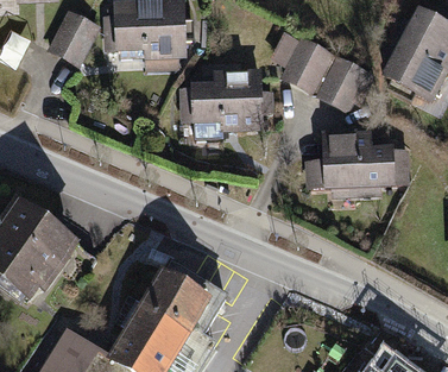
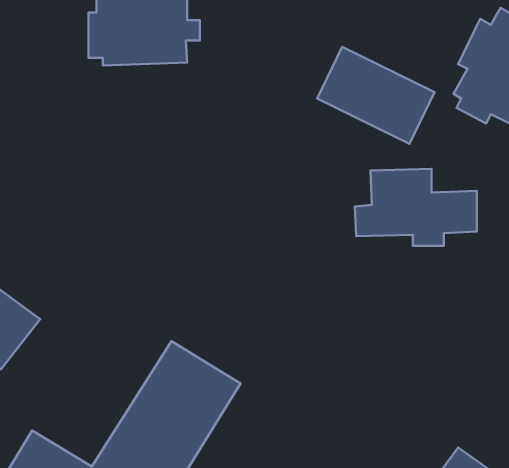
building: [49,14,95,62] -> none
building: [183,74,260,128] -> none

